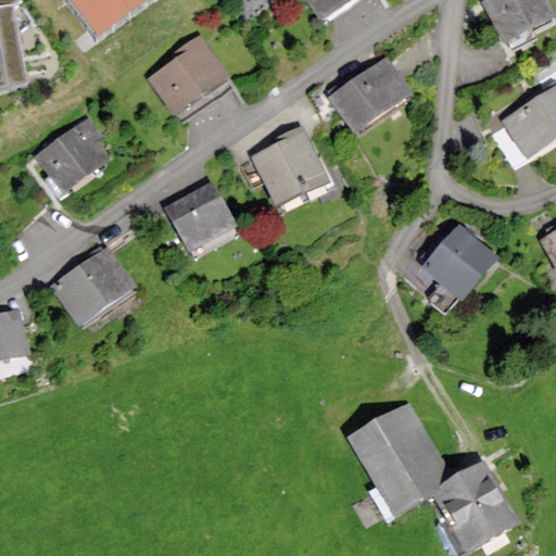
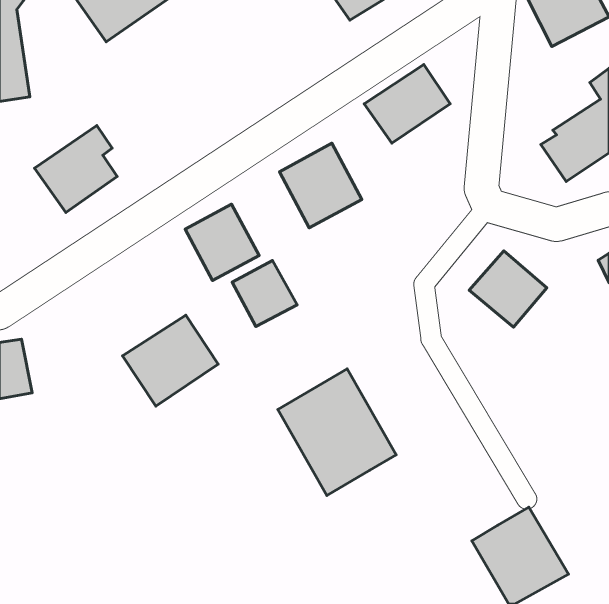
building: [144,31,232,118] -> none
building: none -> [232,260,297,326]
building: [49,247,136,329] -> [122,315,218,406]
building: [345,400,453,515] -> [278,369,396,495]

